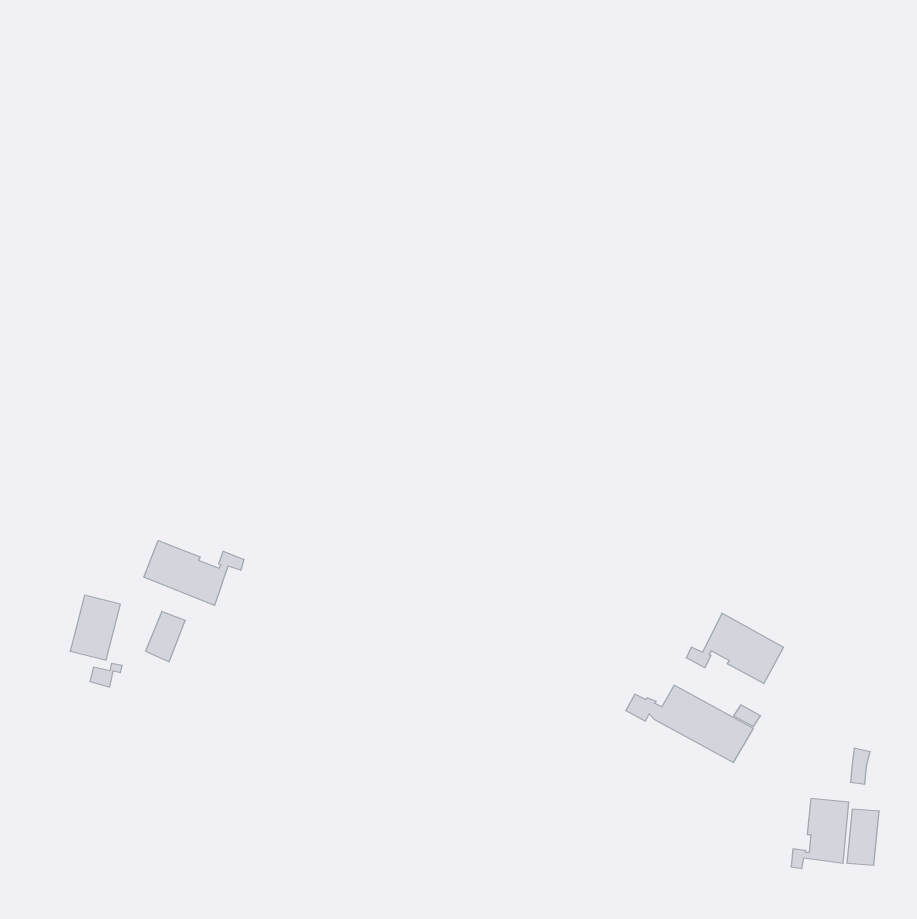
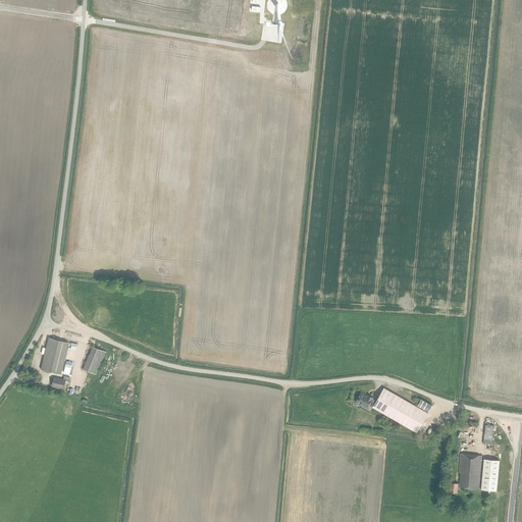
building: [144,541,244,605] -> none
building: [686,613,784,684] -> none

